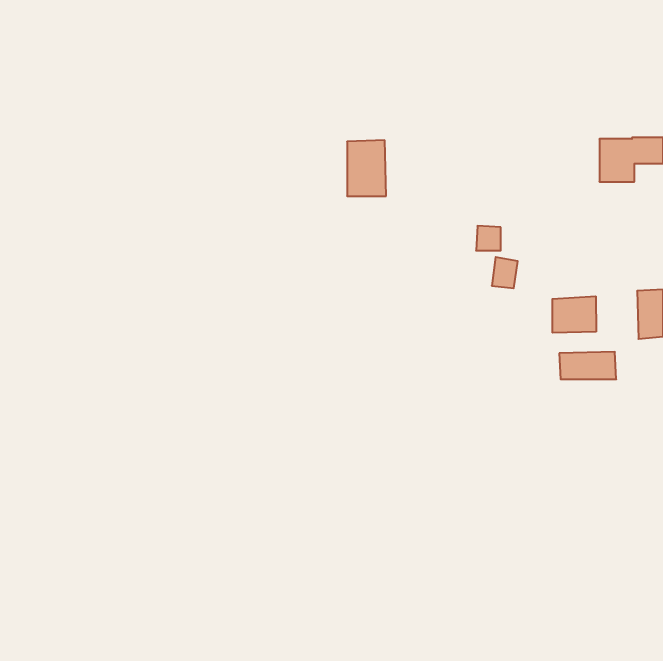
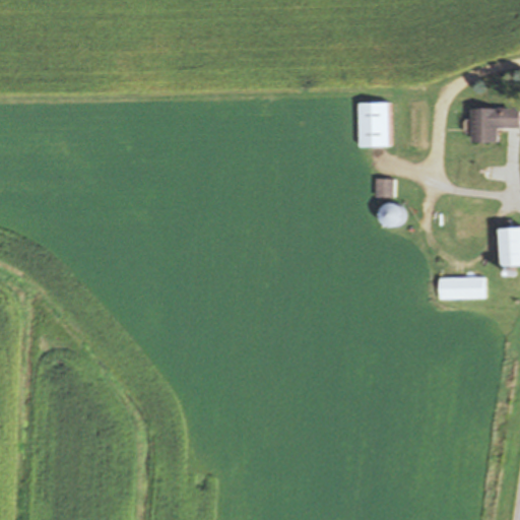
building: [347,140,386,196] -> [358,101,388,144]
building: [552,296,596,333] -> none

